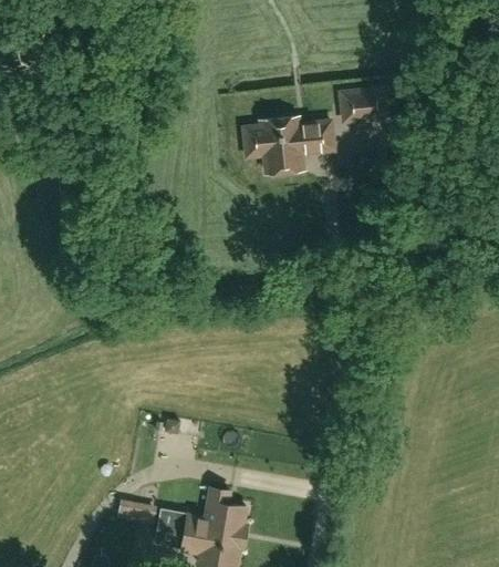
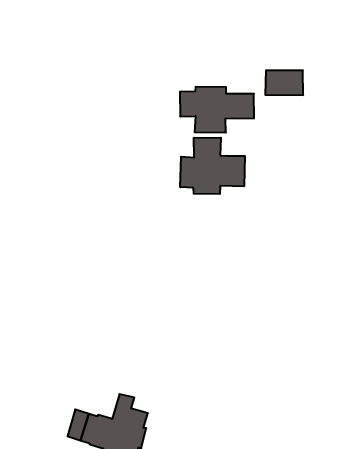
building: none -> [180,138,245,194]
building: [115,499,155,524] -> none

